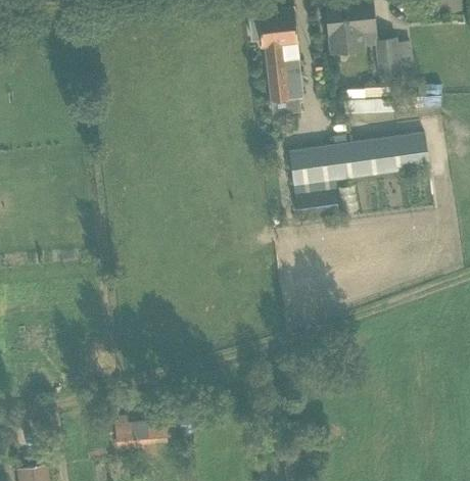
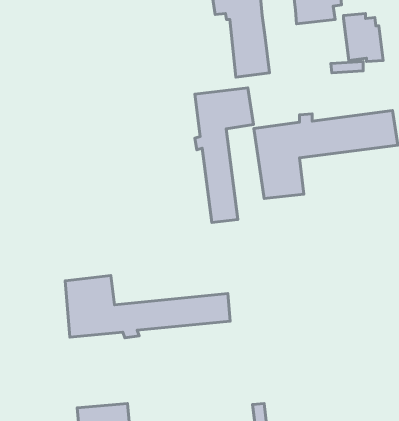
building: none -> [195,88,253,222]
building: none -> [65,276,230,338]

